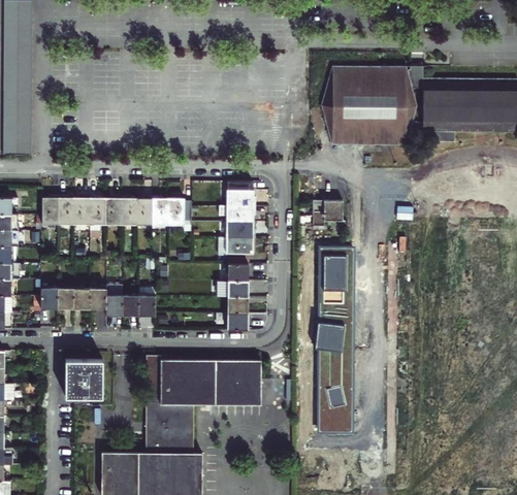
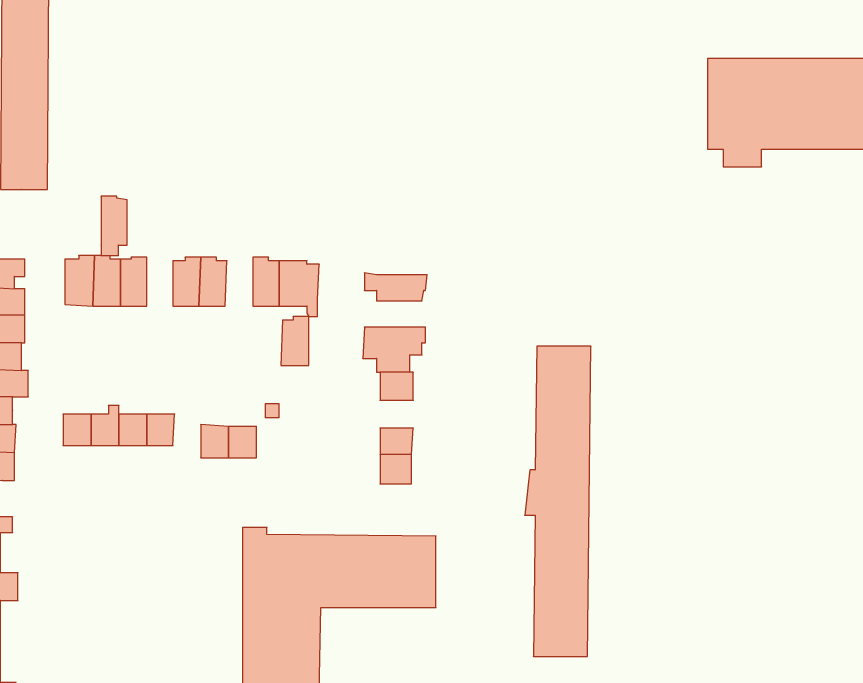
building: [322,68,416,144] -> none
building: [226,180,256,206] -> none
building: [90,196,105,231] -> [101,196,127,256]
building: [136,196,153,225] -> [281,317,309,365]
building: [313,200,343,226] -> none
building: [226,222,255,237] -> none
building: [218,280,248,297] -> none
building: [105,284,122,315] -> none
building: [65,360,102,397] -> none

